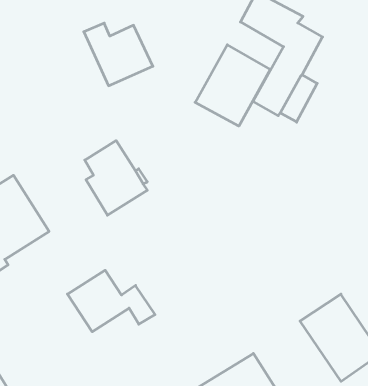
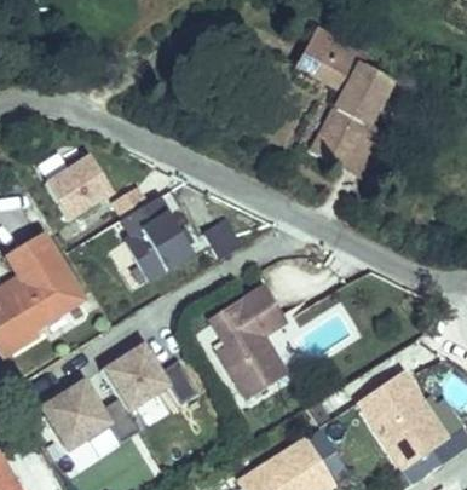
building: [84,23,153,86] -> [33,152,110,223]
building: [195,45,270,126] -> none
building: none -> [204,287,282,400]
building: none -> [44,380,140,449]

